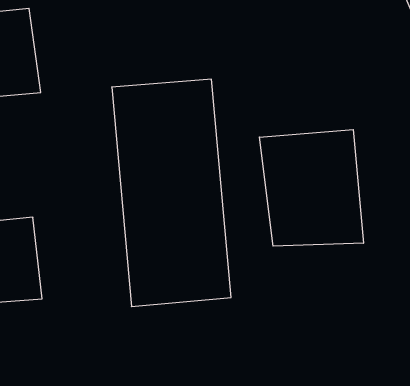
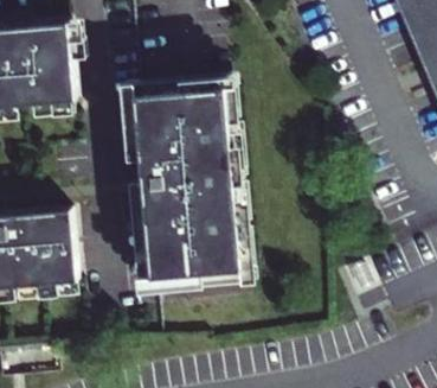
building: [259,130,363,246] -> none

